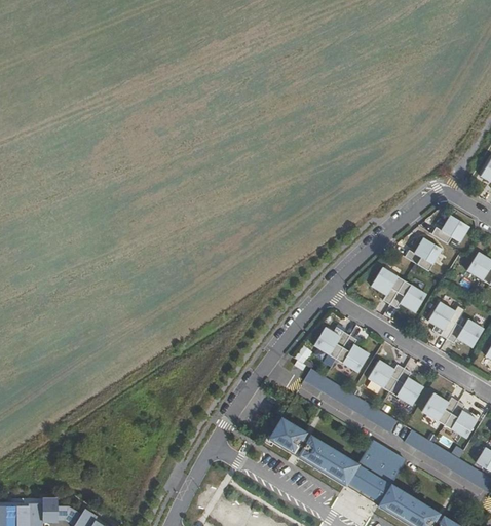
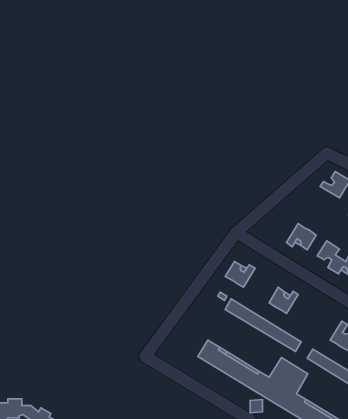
building: [404,237,441,270] -> none
building: [370,266,403,303] -> none
building: [335,335,368,372] -> none
building: [388,368,422,405] -> none
building: [421,392,457,424] -> none

